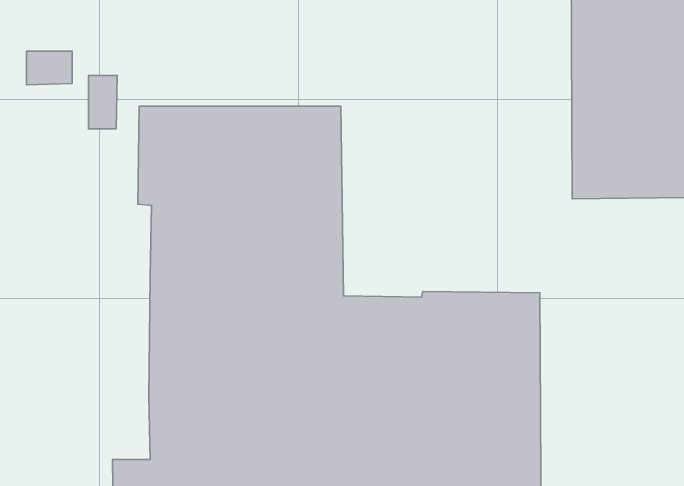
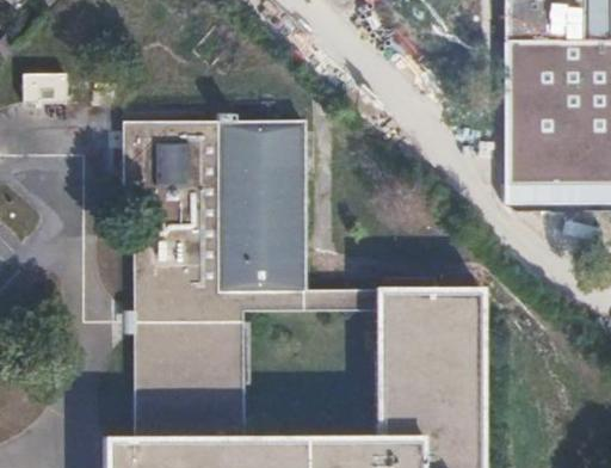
building: [89,75,117,129] -> none

